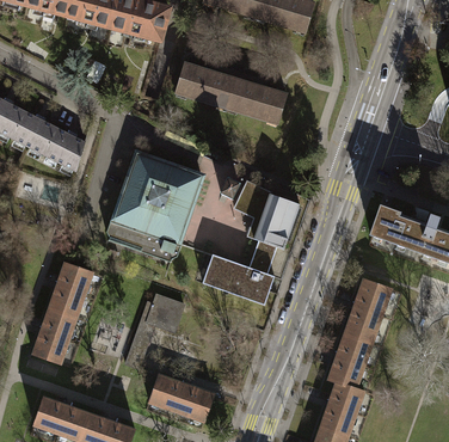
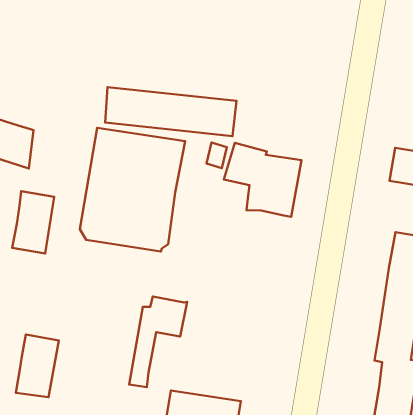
building: [176,63,287,122] -> [105,87,236,136]
building: [203,239,277,303] -> none
building: [48,262,90,317] -> [12,191,54,254]

